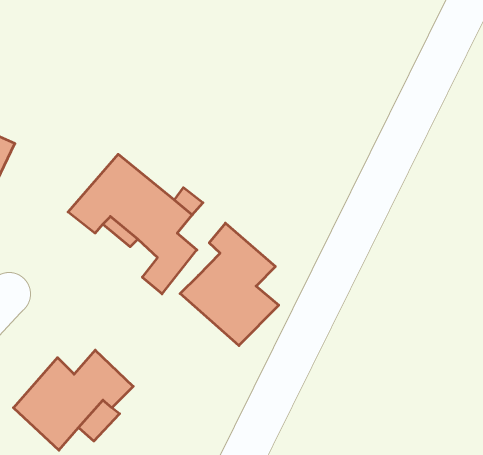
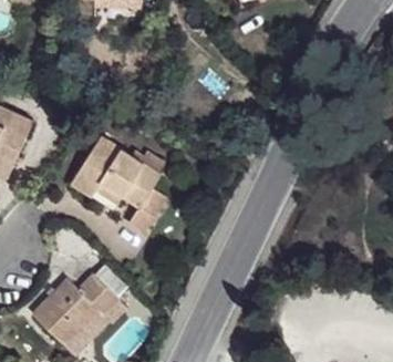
building: [180,223,279,346] -> none

